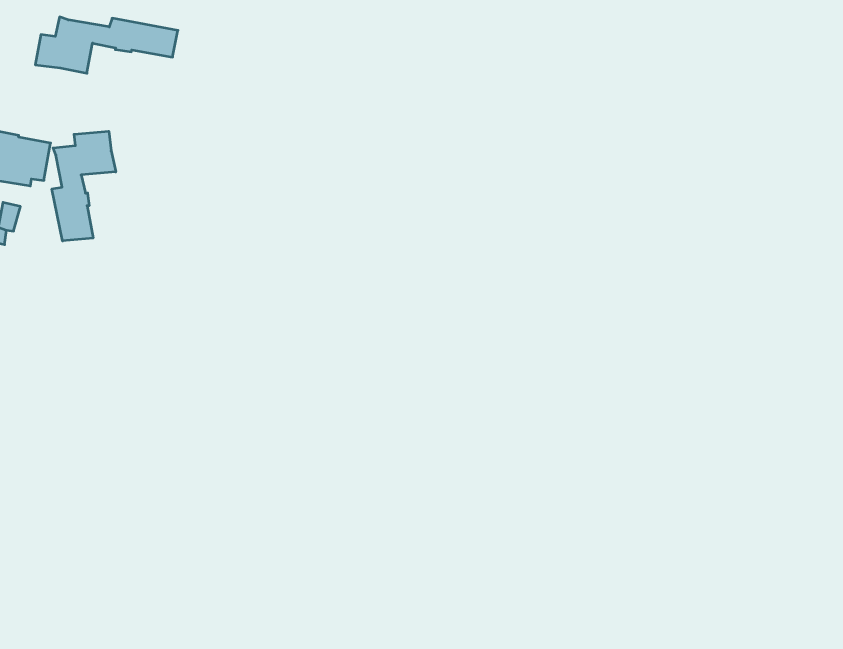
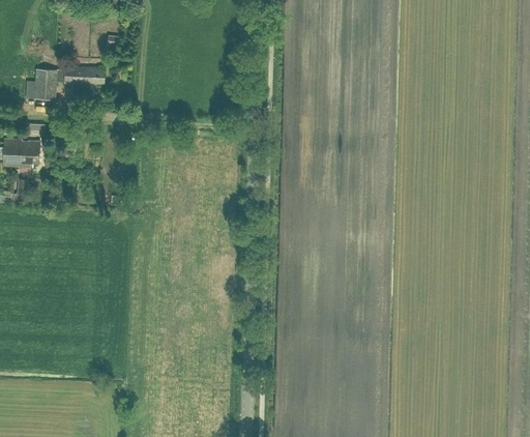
building: [52,131,116,241] -> none

